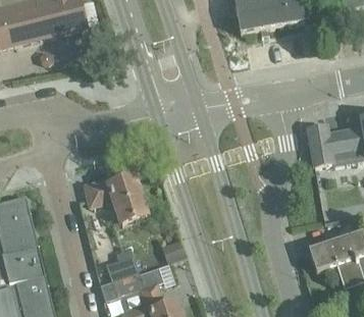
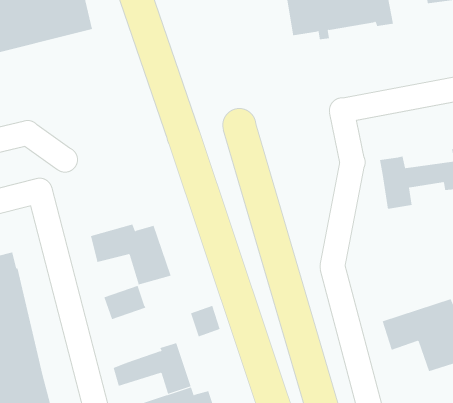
building: [106,255,139,281] -> [103,285,146,320]

